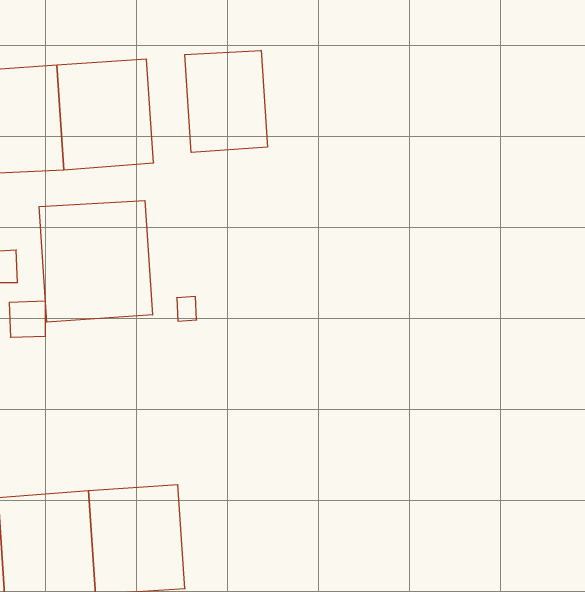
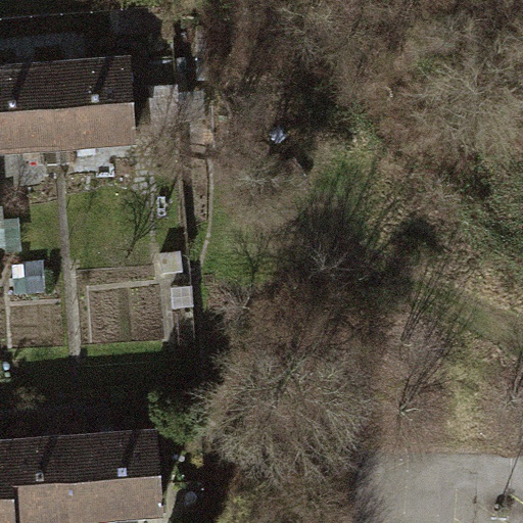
building: [185,50,267,152] -> none
building: [39,201,153,322] -> none

